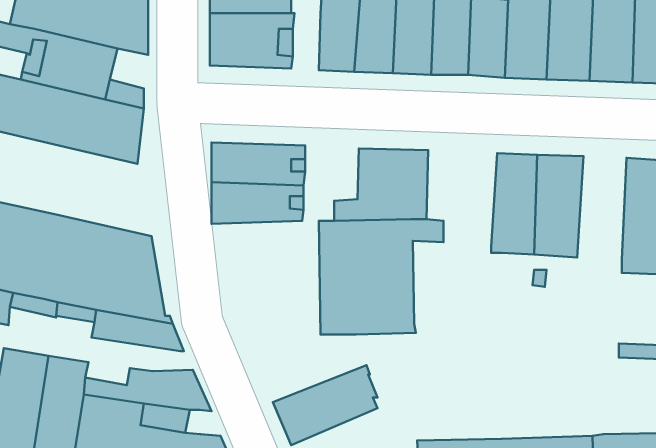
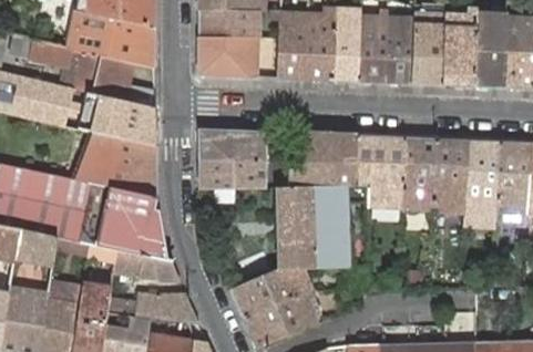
building: none -> [88,134,156,197]
building: none -> [355,135,406,205]
building: none -> [463,139,499,214]
building: none -> [232,268,317,317]

